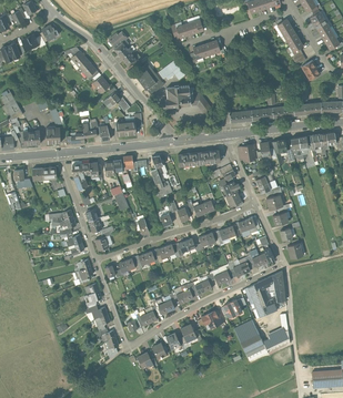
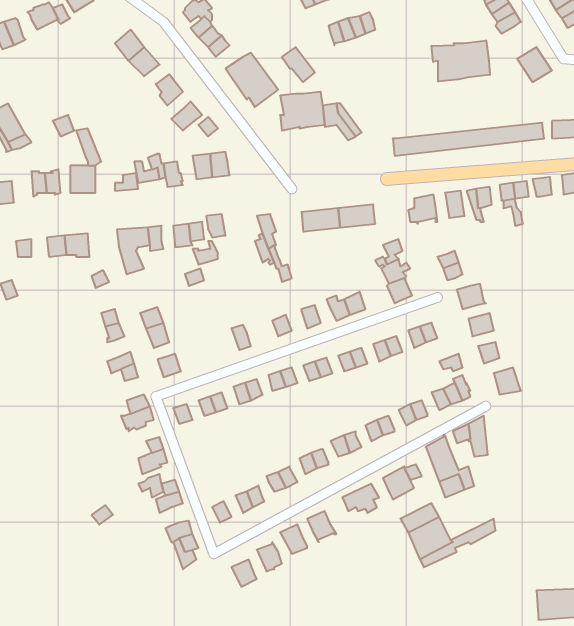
building: none -> [432,40,490,82]

